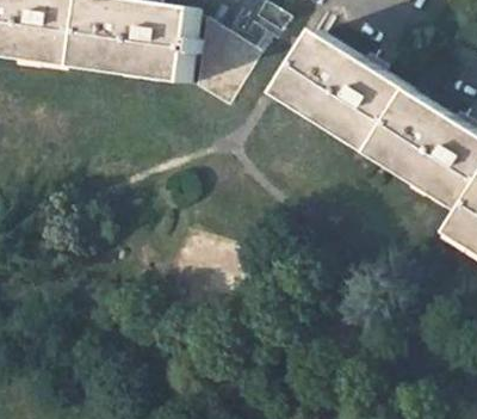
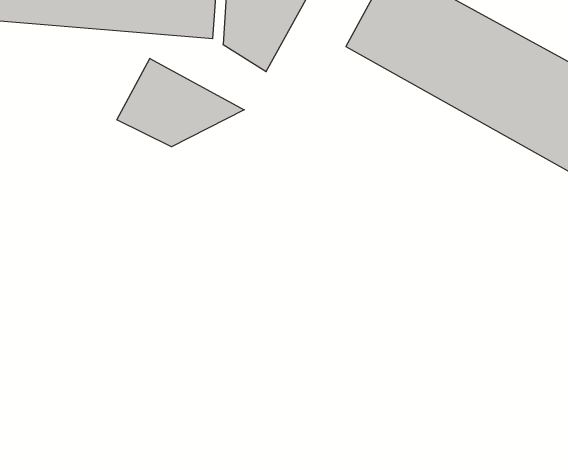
building: none -> [117,58,244,147]

